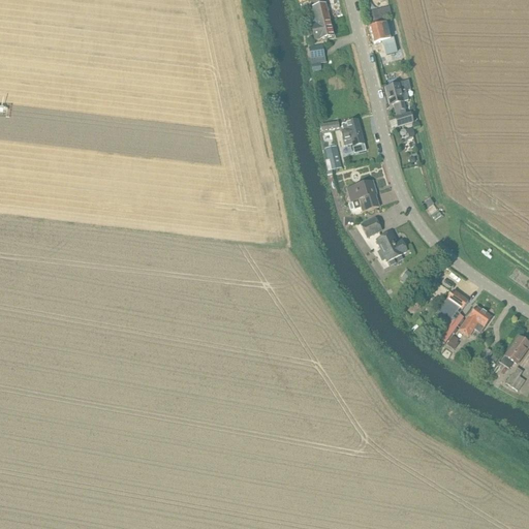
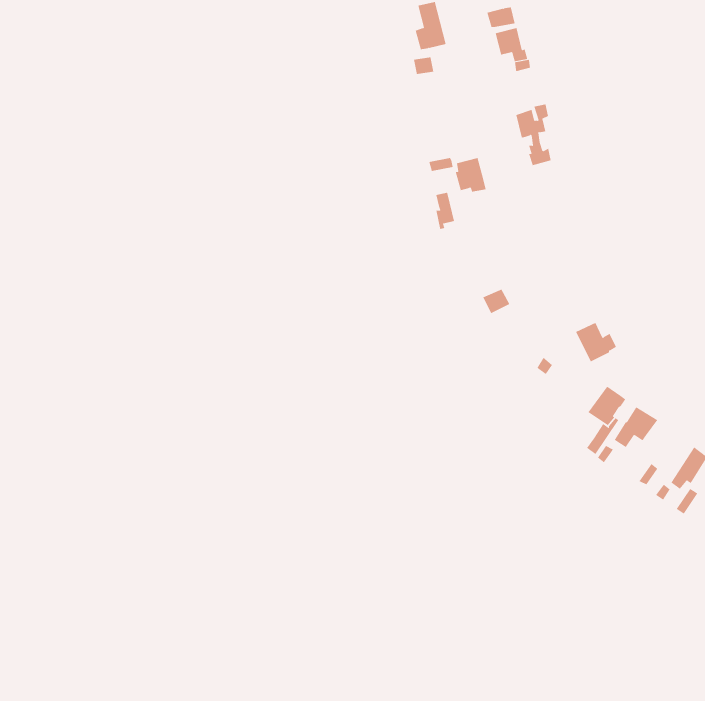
building: [347,179,380,210] -> none
building: [377,229,408,259] -> [575,322,617,362]

